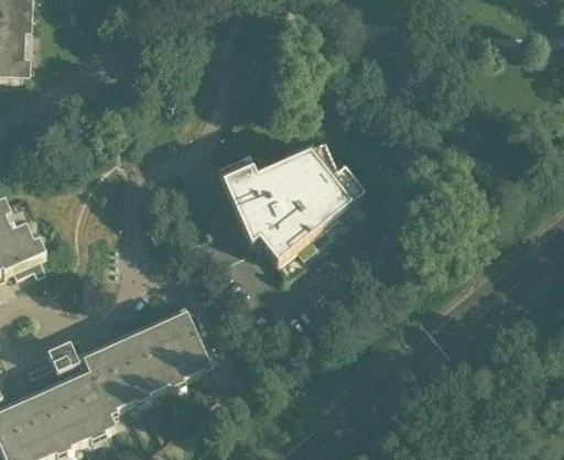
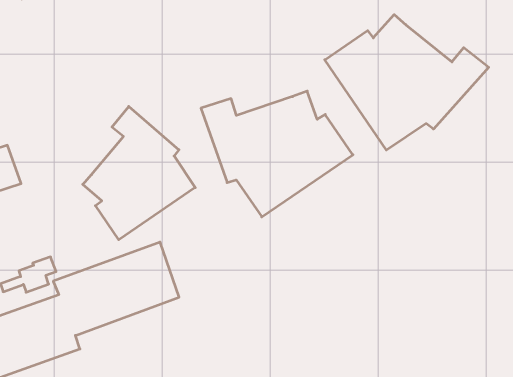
building: none -> [325,15,489,150]
building: none -> [83,106,195,240]

